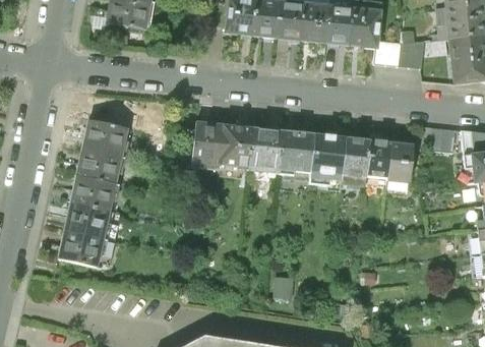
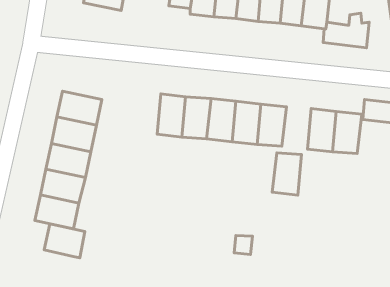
building: [327,134,360,181] -> [272,153,302,195]
building: none -> [44,224,85,258]

